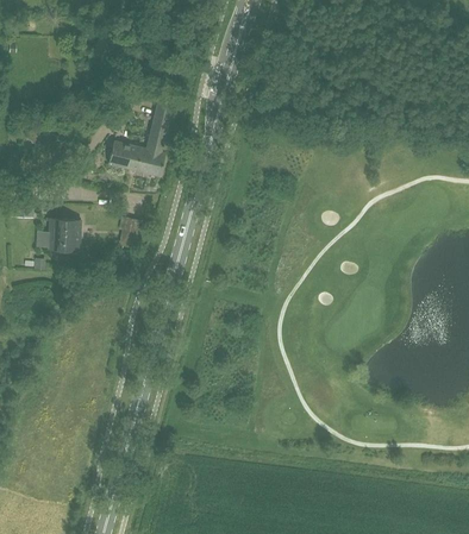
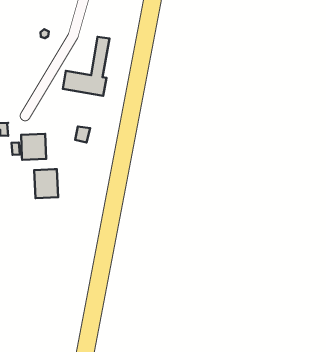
building: none -> [34,169,58,198]

